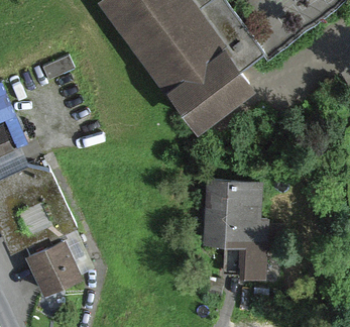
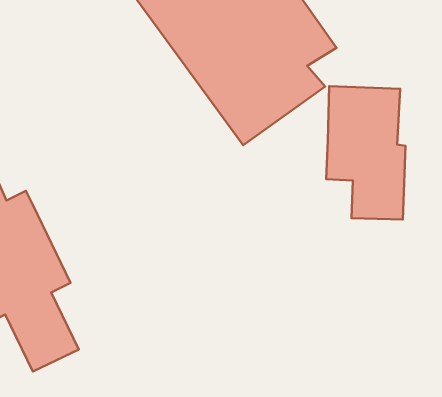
building: [206,178,263,275] -> [326,86,406,220]

